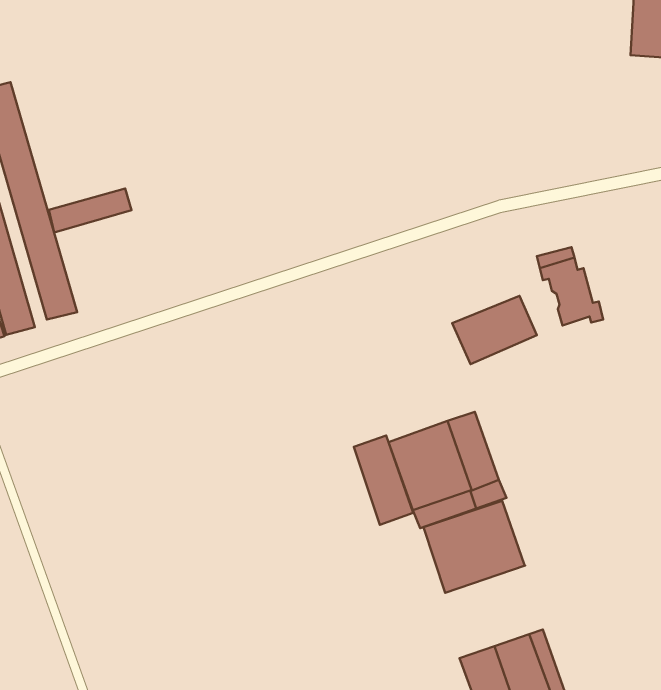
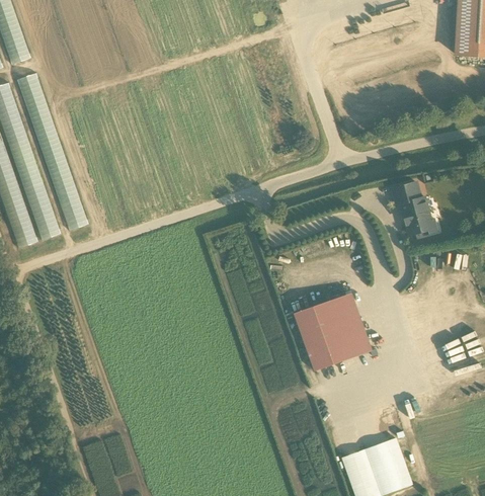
building: [49,188,132,232] -> none
building: [452,296,537,364] -> none
building: [354,435,413,525] -> none
building: [424,501,525,593] -> none

